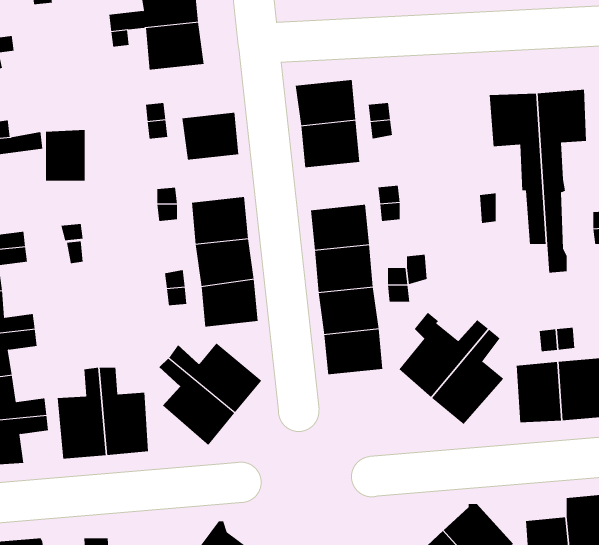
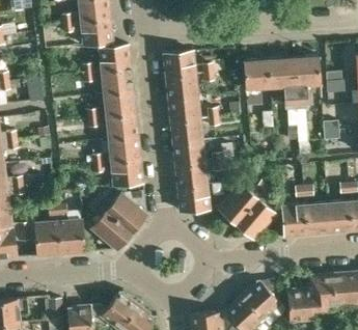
building: none -> [100,46,131,72]
building: none -> [243,59,270,88]
building: none -> [105,91,136,117]
building: none -> [168,95,201,121]

